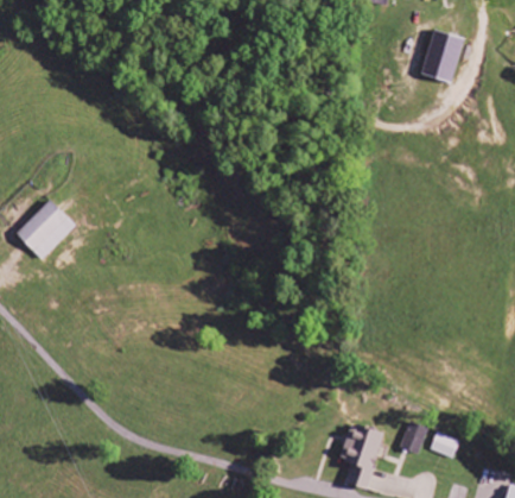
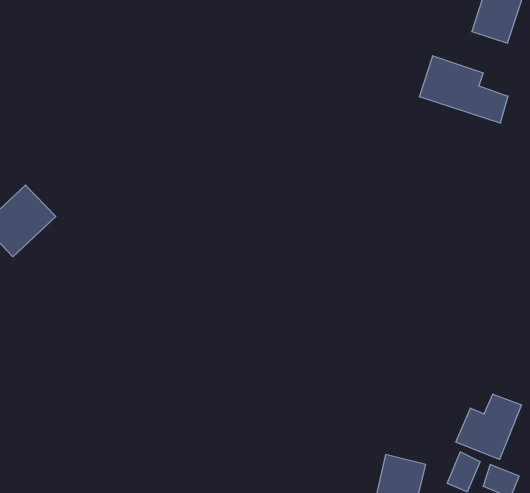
building: none -> [420,56,508,123]
building: none -> [456,394,521,459]

